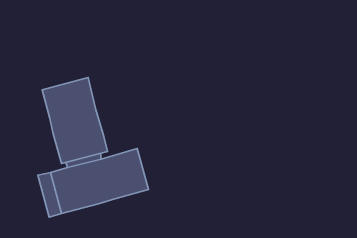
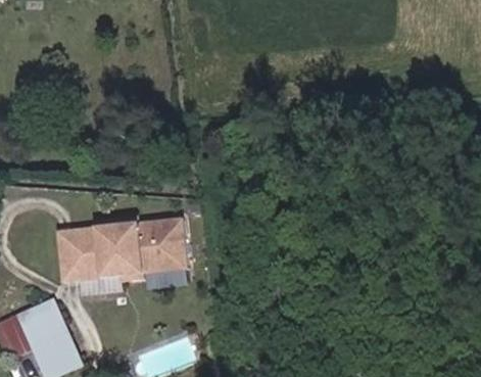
building: [42,78,107,164] -> none

